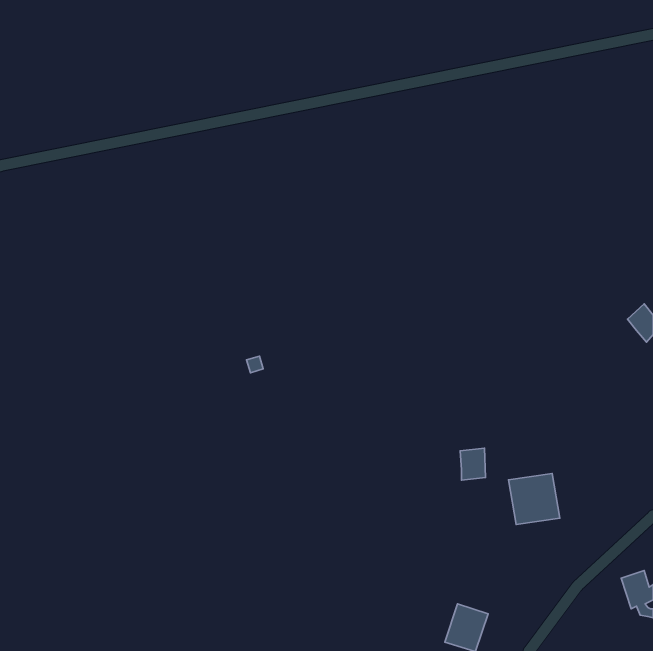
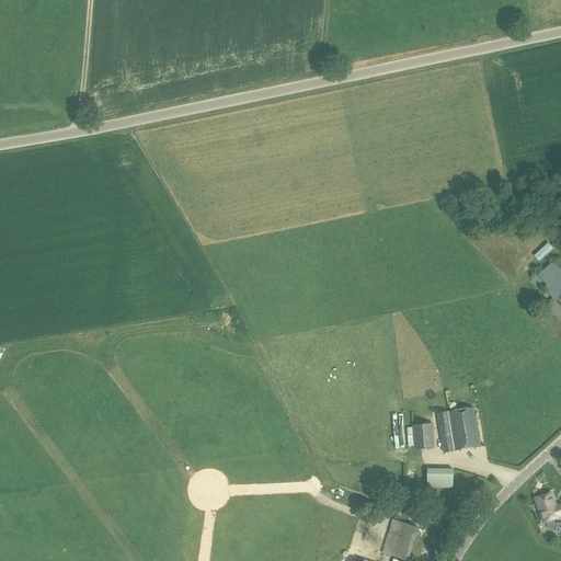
building: [460,448,486,480] -> [412,422,434,449]
building: none -> [426,468,454,488]

